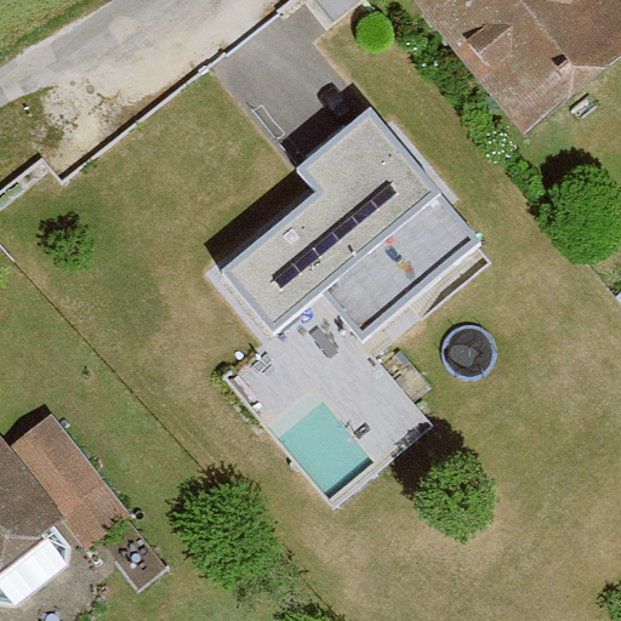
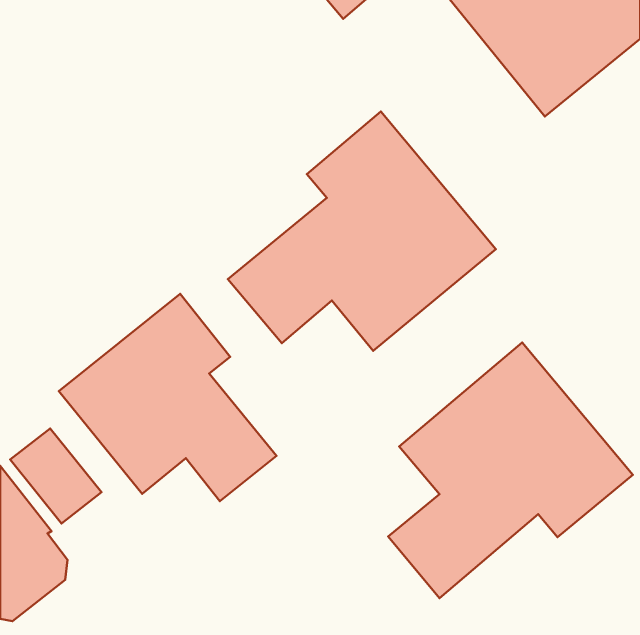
building: none -> [59,294,276,501]
building: none -> [388,343,633,598]

